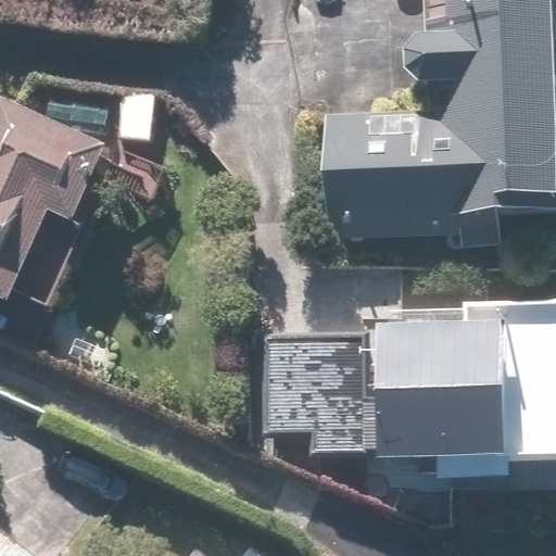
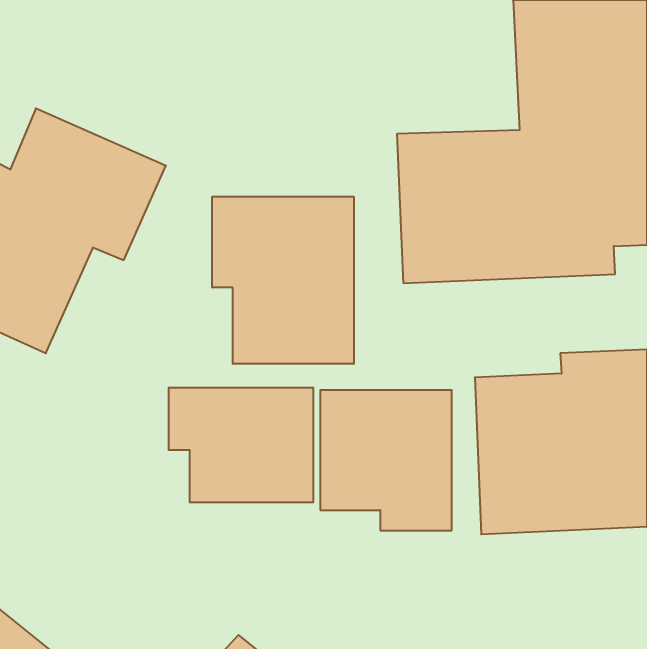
building: none -> [212,197,354,364]
building: none -> [169,388,313,502]

